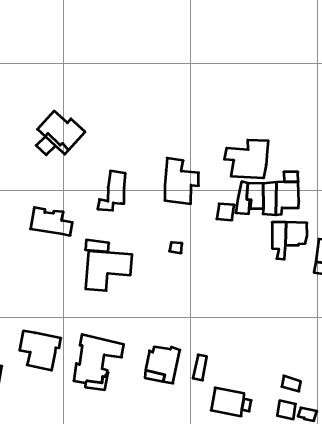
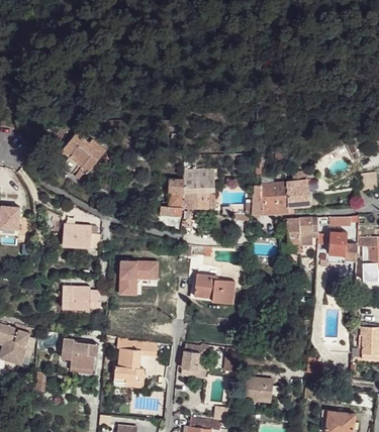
building: [224,140,268,178] -> none
building: [98,171,125,210] -> [161,179,185,215]
building: none -> [192,274,235,304]
building: none -> [63,286,102,308]

